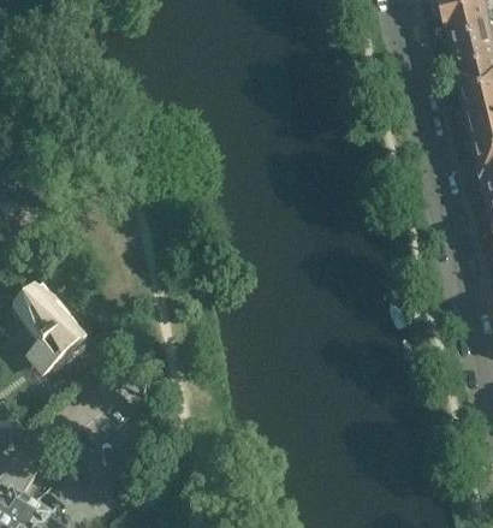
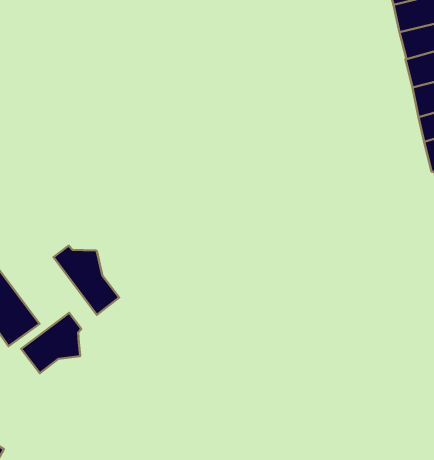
building: none -> [53,246,119,315]
building: none -> [21,313,81,373]

